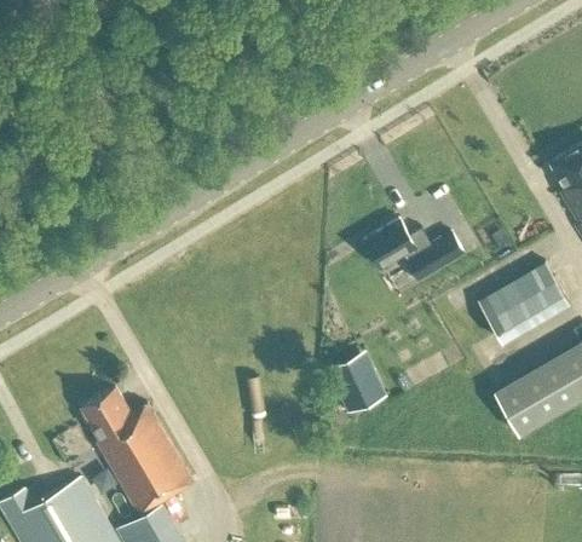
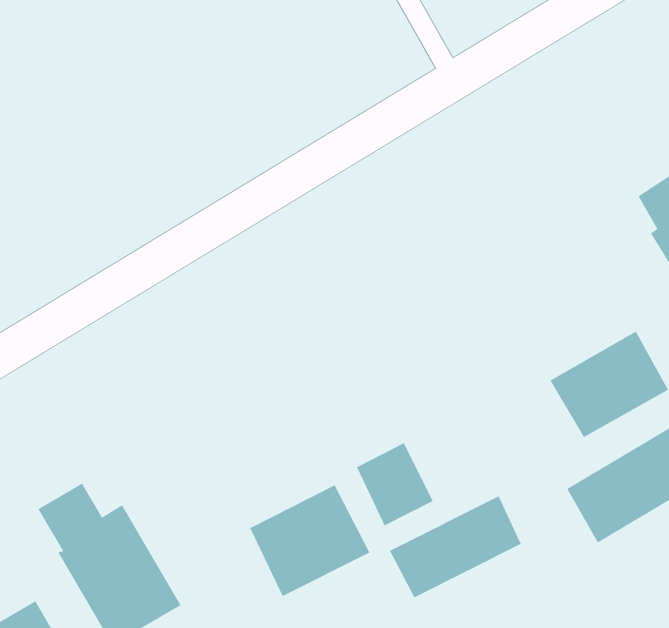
building: [363,218,463,282] -> none
building: none -> [249,484,370,597]
building: none -> [389,496,521,598]

